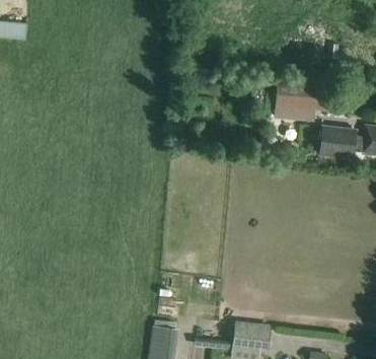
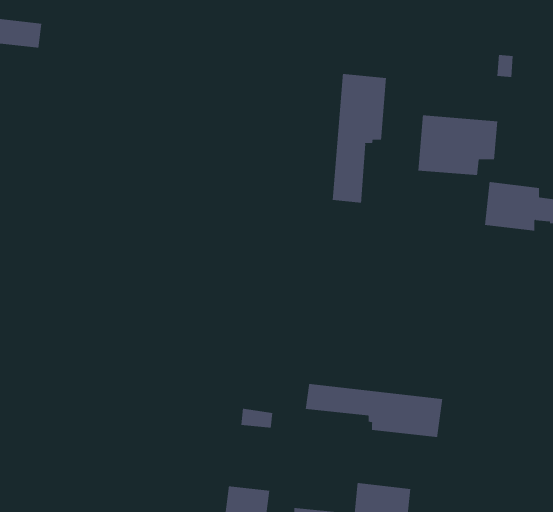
building: none -> [332,73,386,204]
building: none -> [305,383,443,438]

